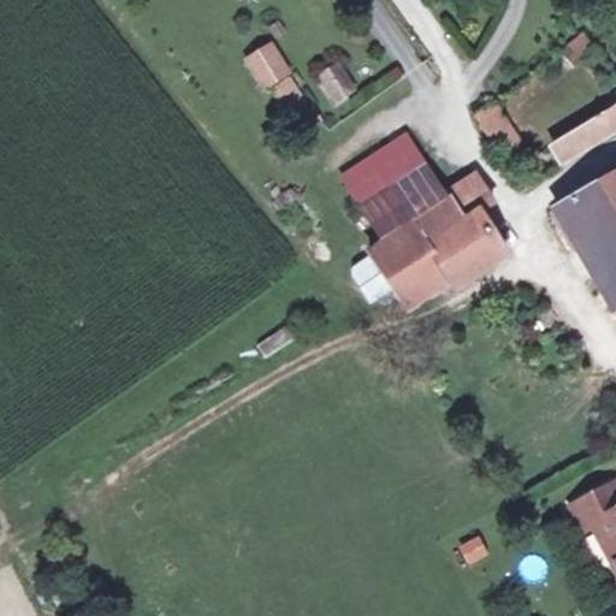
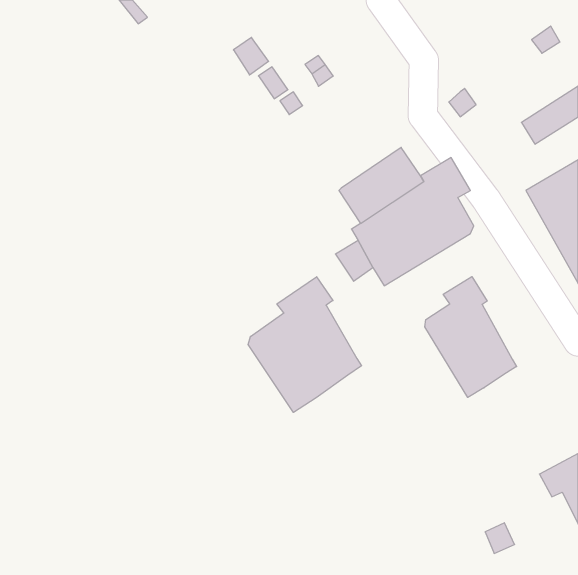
building: [346,136,426,205] -> none
building: none -> [425,277,517,397]
building: none -> [248,277,362,412]

